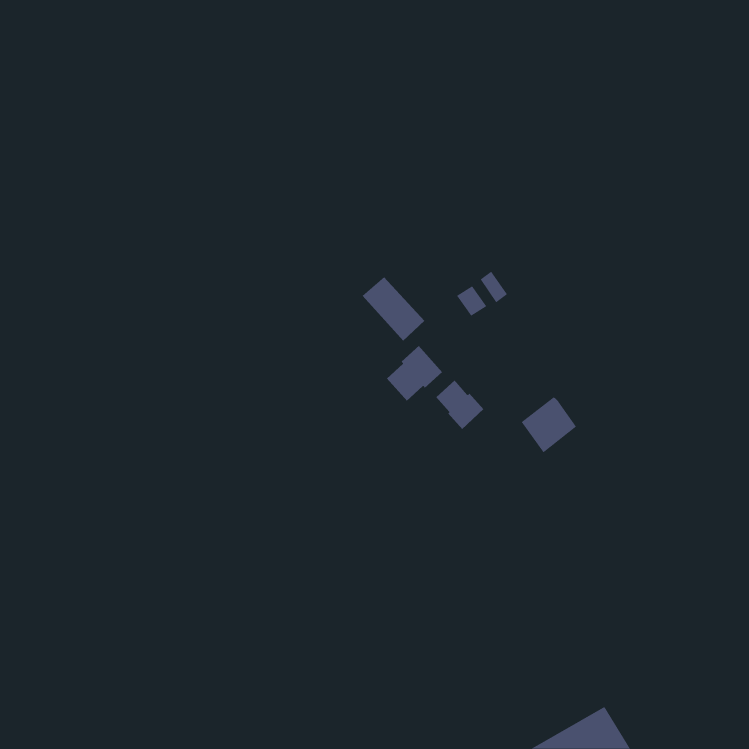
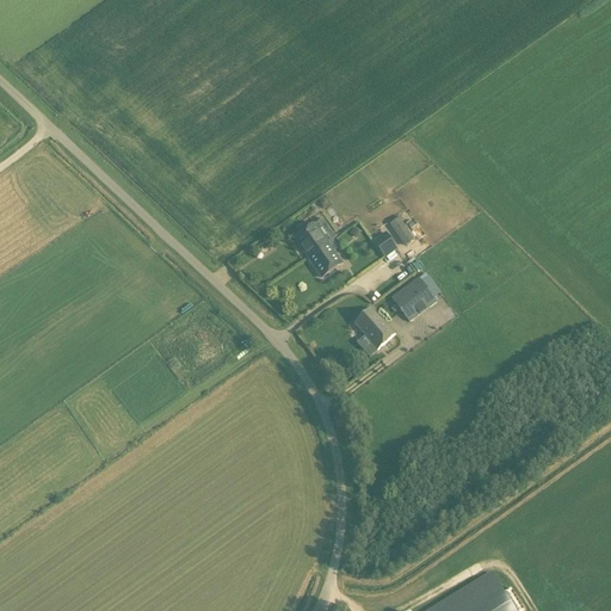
building: [386,345,443,402] -> none
building: [521,396,577,453] -> [389,276,434,322]

